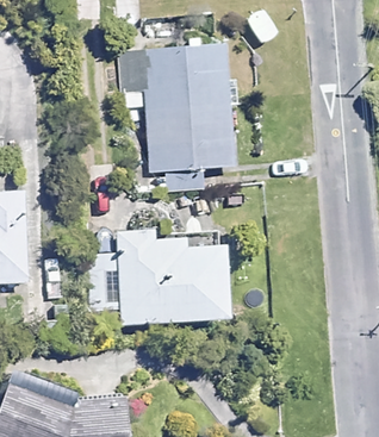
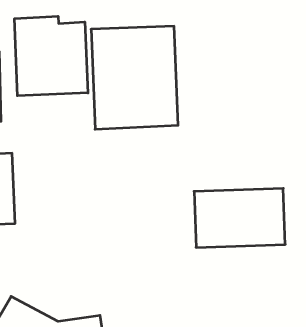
building: none -> [15,16,88,96]
building: [118,244,226,314] -> [194,188,285,247]

